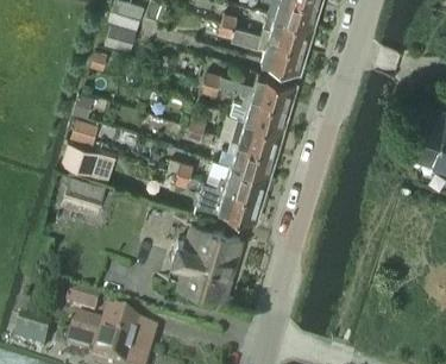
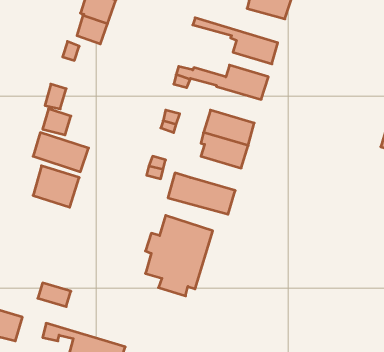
building: [222,14,313,49] -> none
building: [228,93,289,130] -> none
building: [208,158,269,197] -> none
building: [73,316,159,354] -> none

